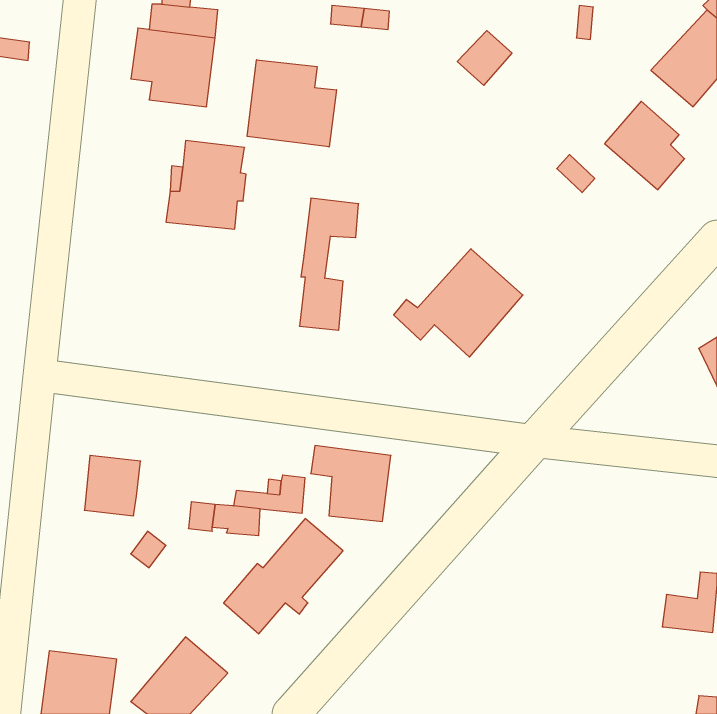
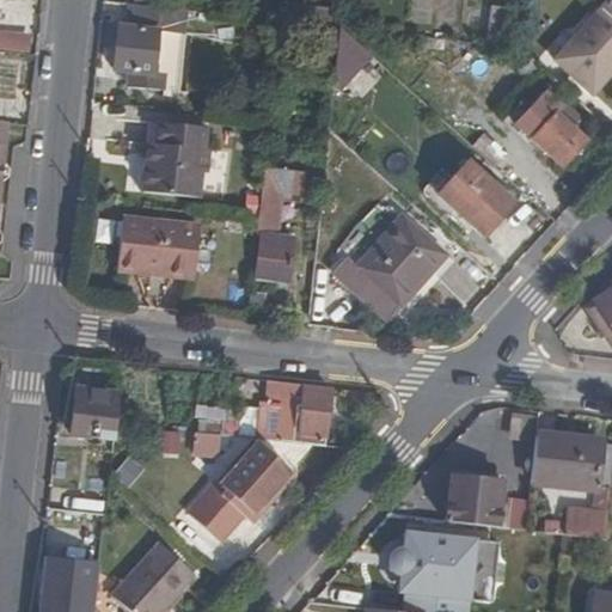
building: [457,31,512,85] -> [323,33,369,80]
building: [247,60,336,147] -> none
building: none -> [437,161,509,232]
building: none -> [120,220,201,274]
building: none -> [533,433,601,485]
building: none -> [445,475,503,526]
building: none -> [398,530,498,600]

